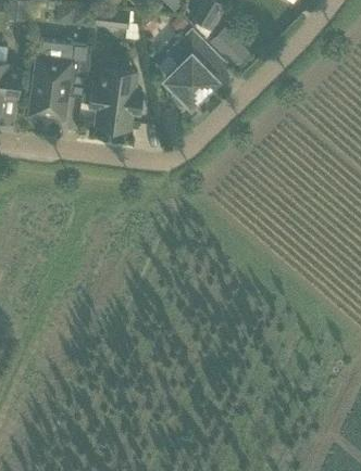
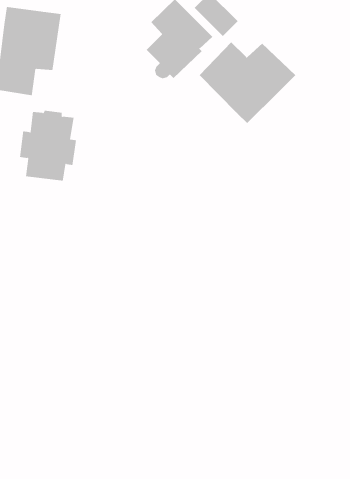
building: [89,65,141,129] -> [19,110,77,181]
building: none -> [199,41,296,124]

